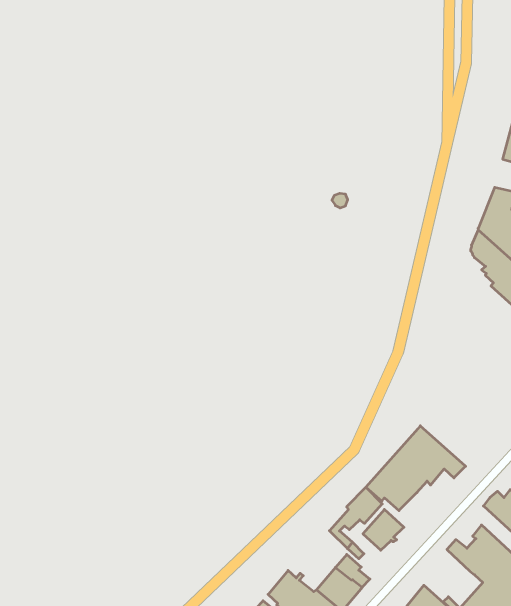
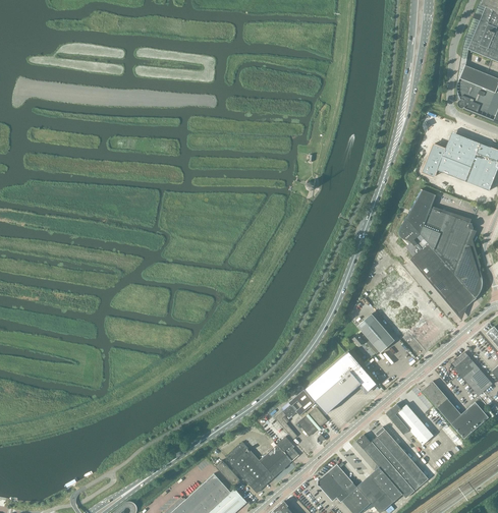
building: none -> [352,313,395,354]

